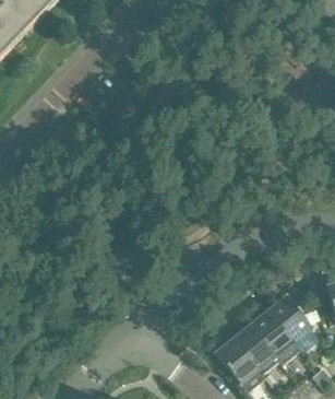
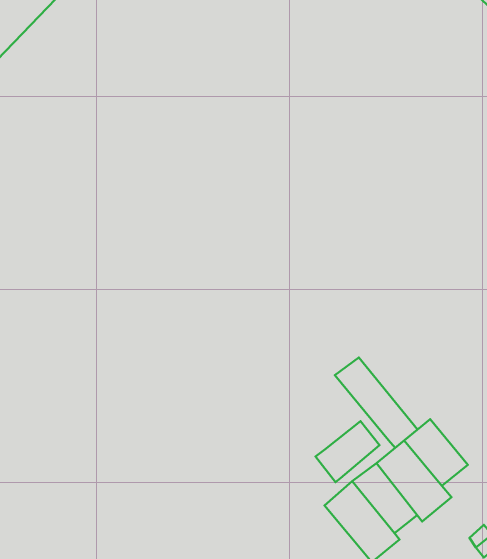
building: none -> [335,358,418,448]
building: none -> [316,421,380,482]

